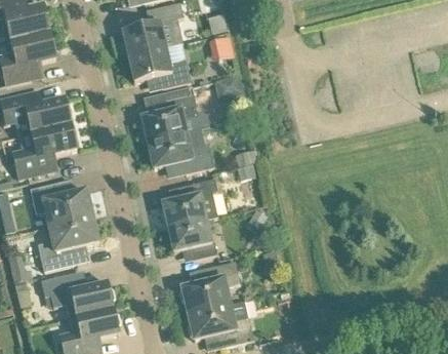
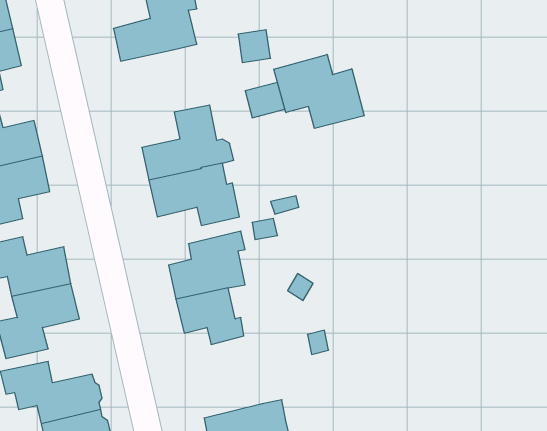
building: [127,46,191,88] -> none
building: none -> [274,54,364,128]
building: [179,260,240,313] -> none

